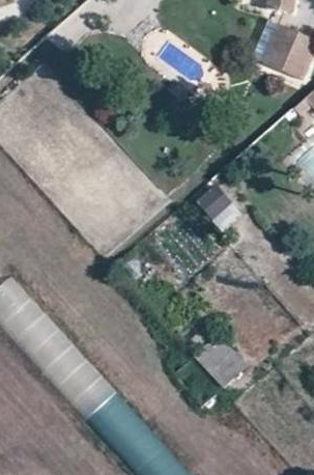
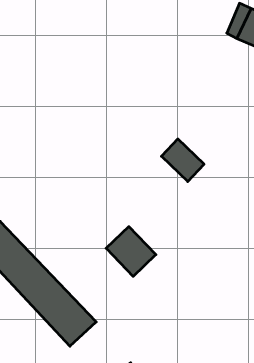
building: [190,329,247,386] -> [106,227,156,276]

